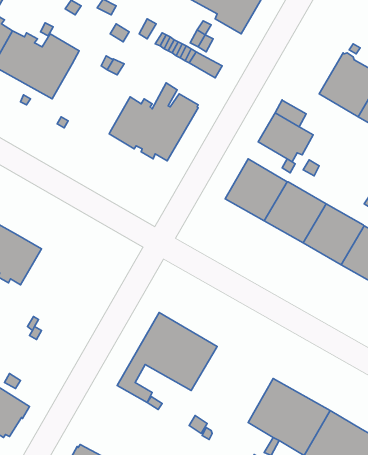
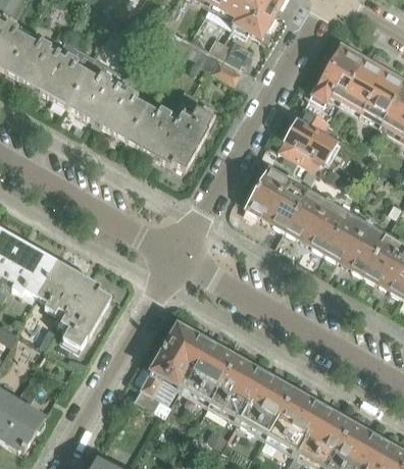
building: none -> [311,43,365,100]
building: none -> [68,68,148,138]
building: none -> [36,257,112,349]
building: none -> [210,357,294,434]

